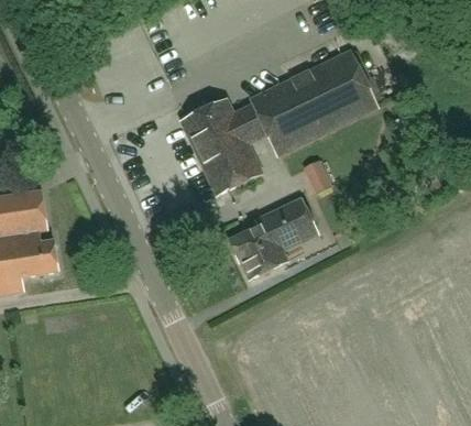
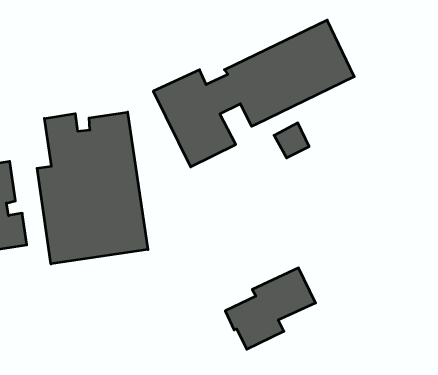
building: none -> [37,112,148,264]
building: [229,199,317,278] -> [225,268,316,349]

